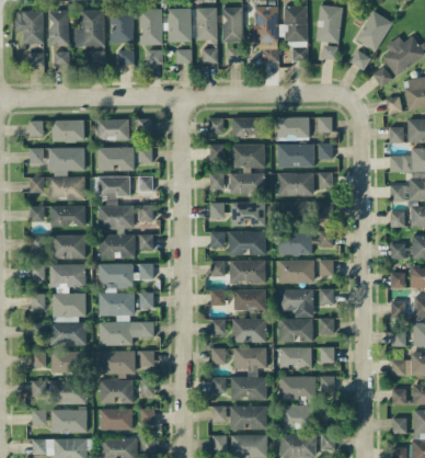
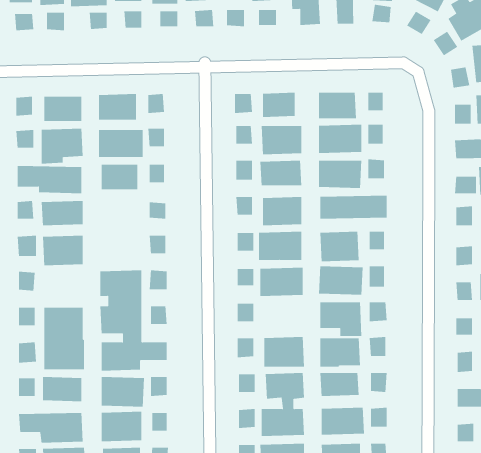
building: [99,206,136,259] -> none
building: [50,264,87,288] -> none
building: [234,289,266,311] -> none

